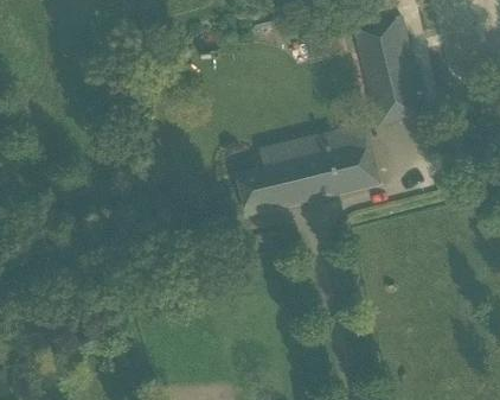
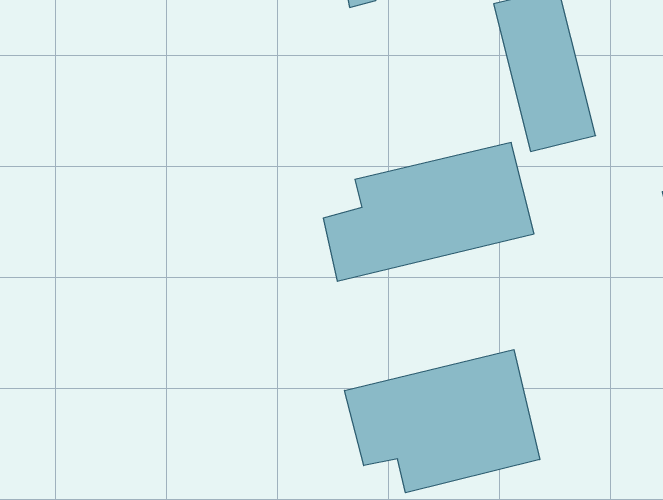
building: none -> [345,350,540,493]

